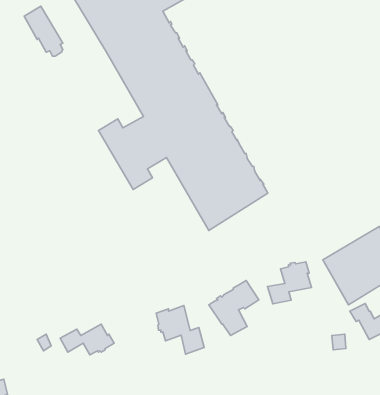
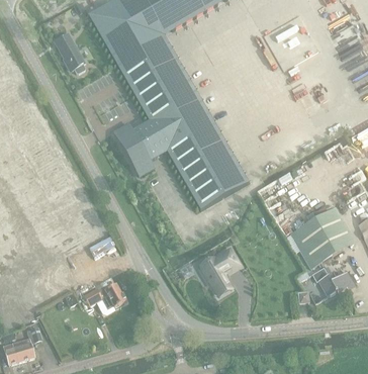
building: [267,262,312,304] -> none
building: [156,306,204,354] -> none

